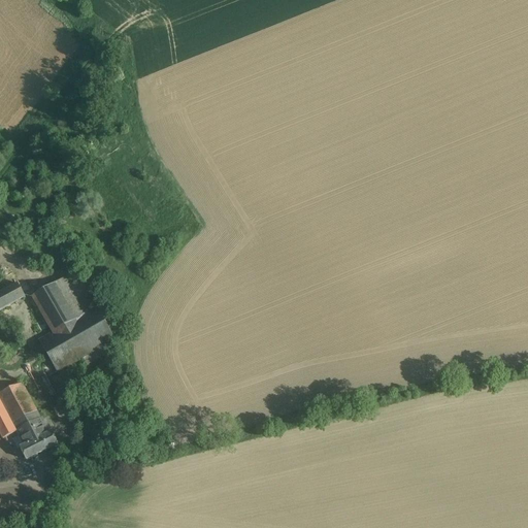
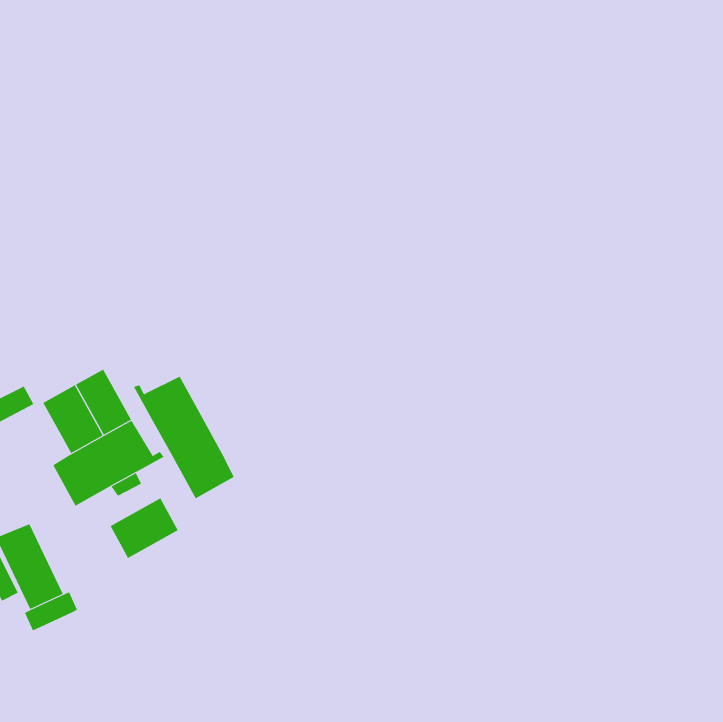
building: none -> [133,376,235,499]
building: none -> [110,498,178,559]

